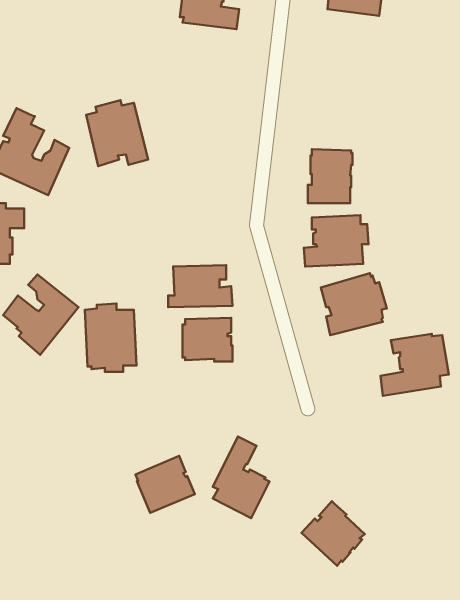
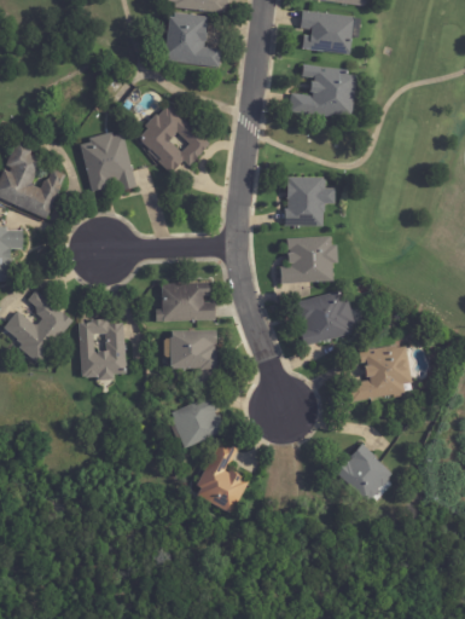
building: none -> [289,63,358,117]
building: none -> [138,104,210,173]
building: [136,456,195,513] -> [170,395,225,447]
building: [302,501,365,566] -> [333,442,391,502]

